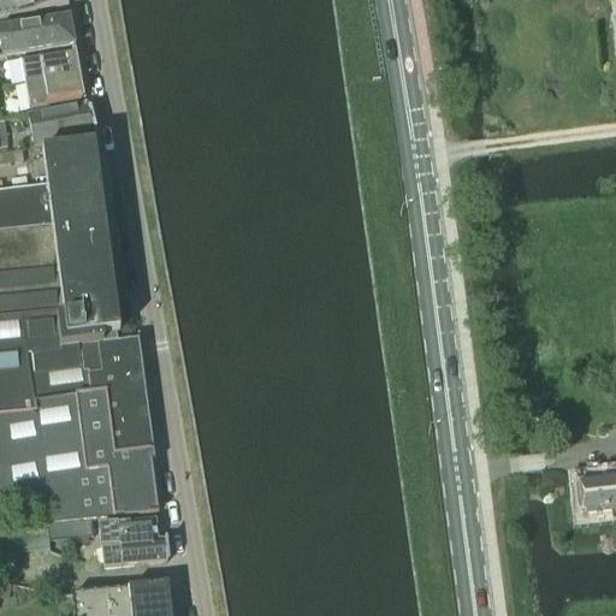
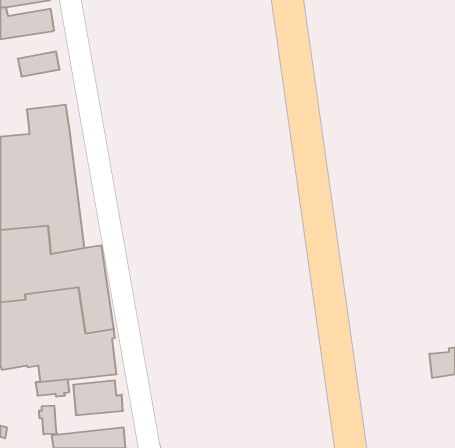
building: [20,46,76,79] -> none
building: [26,97,94,142] -> none
building: none -> [39,406,57,434]

